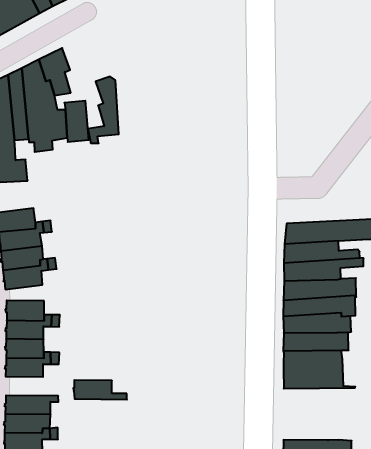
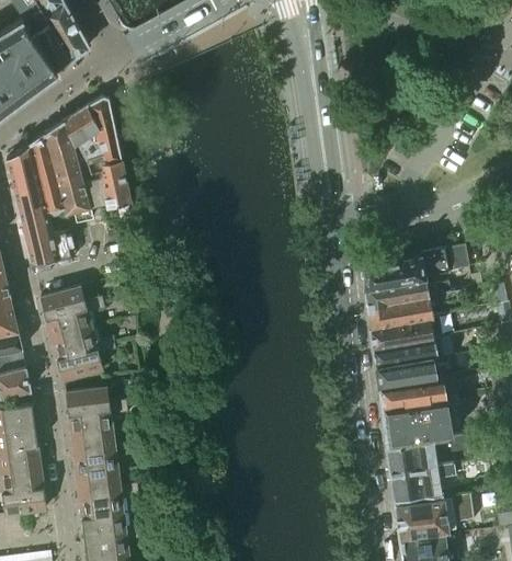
building: [88,77,119,143] -> [87,99,122,175]
building: [73,380,127,400] -> [77,473,138,500]
building: none -> [386,436,469,502]

